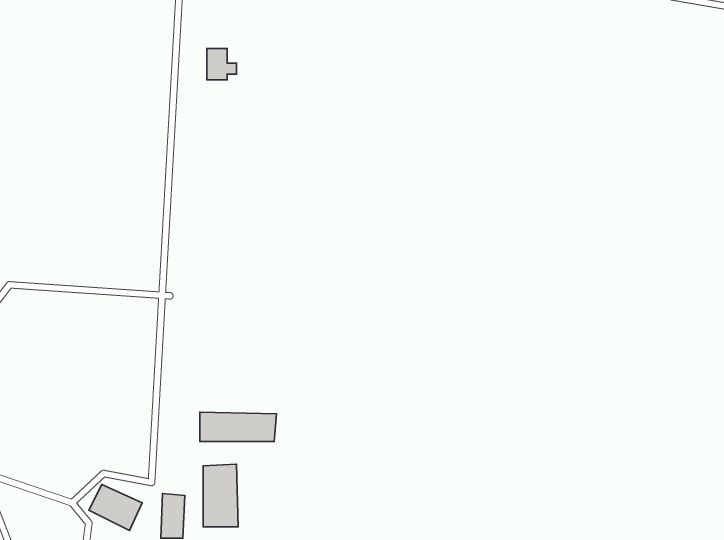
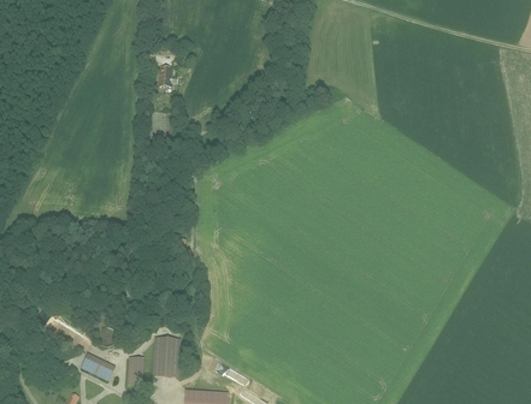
building: [200,412,276,441] -> none

